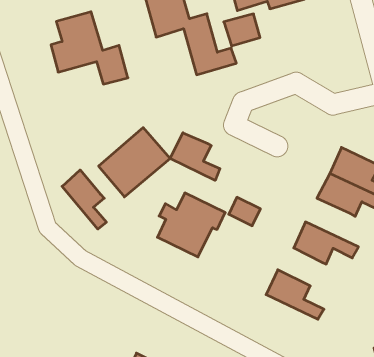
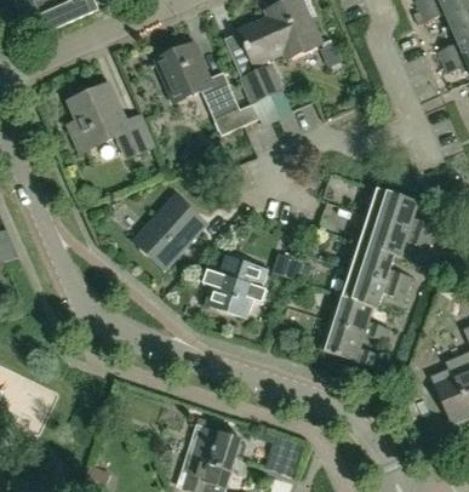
building: [170,133,220,180] -> none
building: [62,170,106,229] -> none
building: none -> [350,242,411,286]
building: none -> [328,294,389,339]

